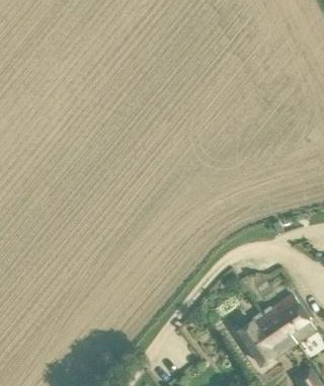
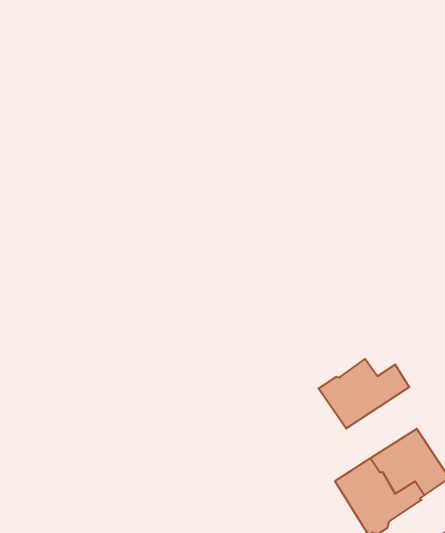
building: none -> [318,359,409,429]

